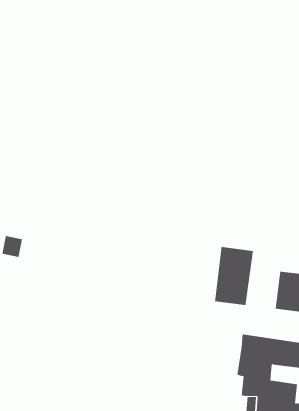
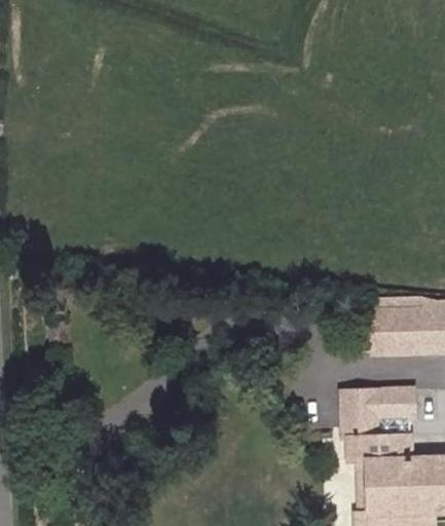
building: [214,246,253,306] -> none

